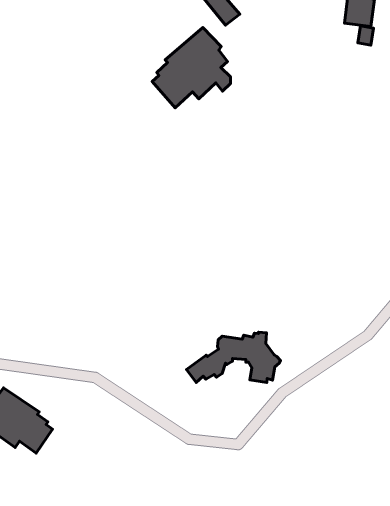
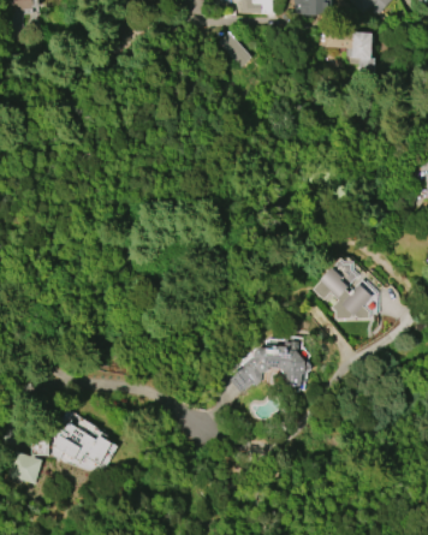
building: [152,27,231,108] -> none
building: none -> [309,258,376,320]

